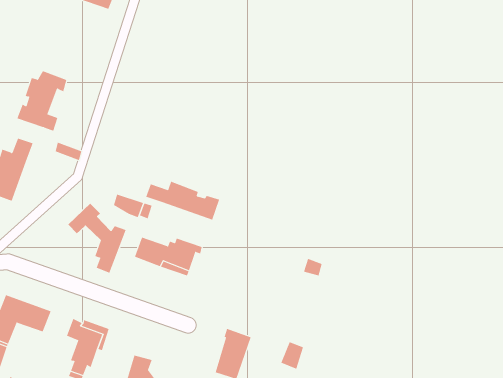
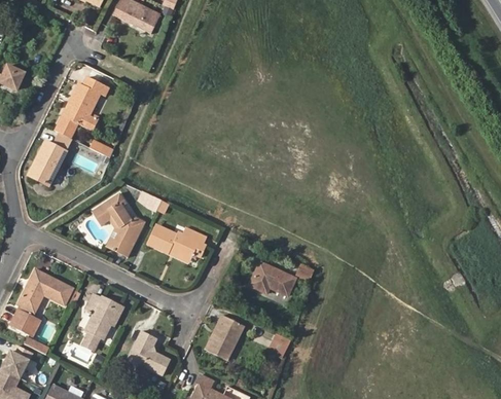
building: [145,181,220,221] -> none
building: none -> [91,212,121,252]
building: none -> [249,263,296,299]

